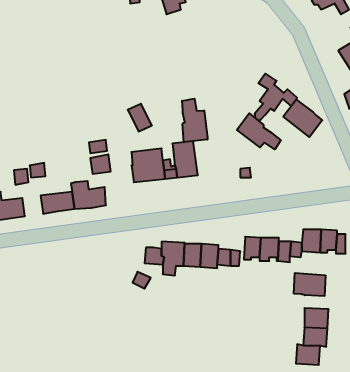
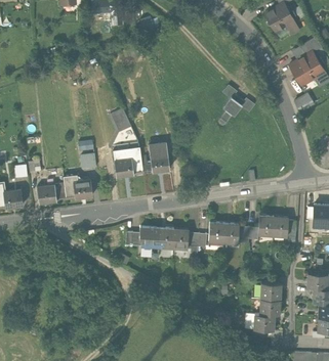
building: [182,99,207,142] -> none
building: [283,100,322,137] -> none
building: [237,113,281,149] -> none
building: [294,273,325,296] -> none

